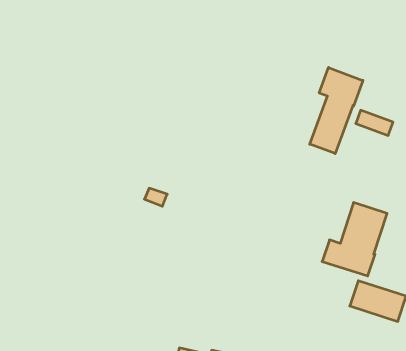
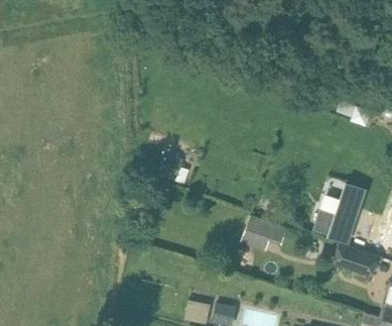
building: [310,67,363,154] -> none
building: none -> [245,215,289,245]

